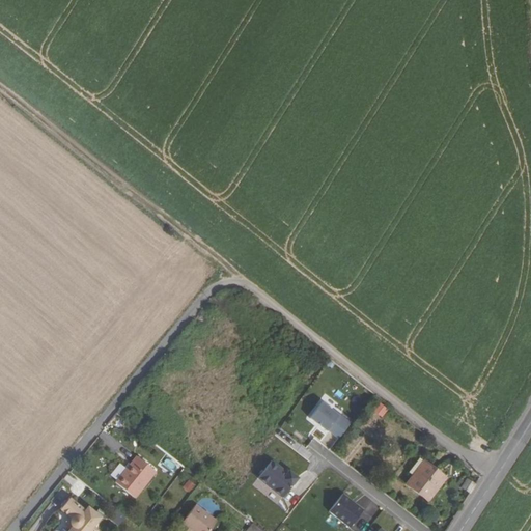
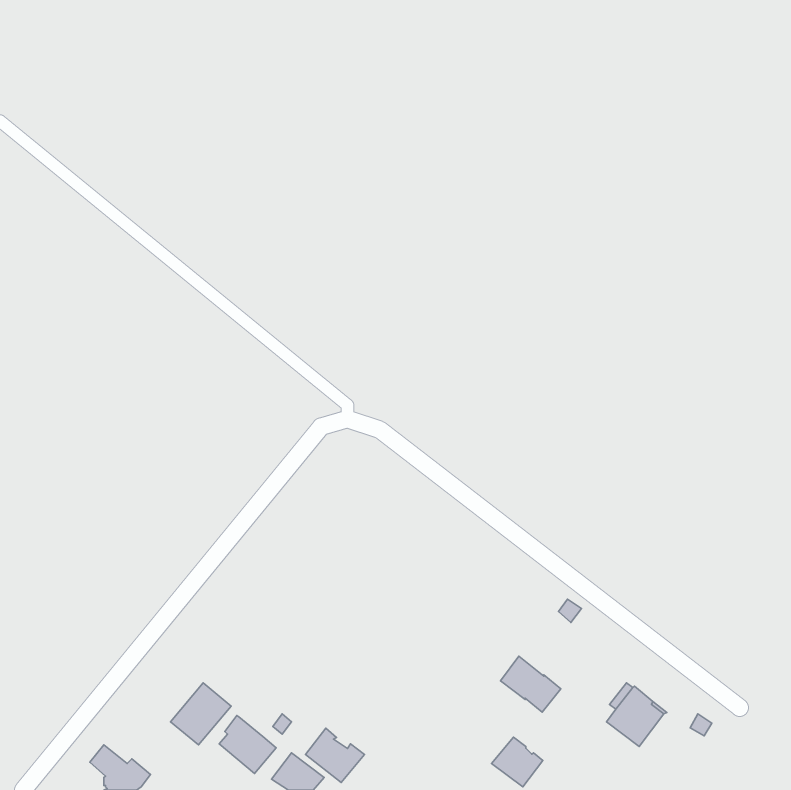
building: [311,400,352,438] -> [500,656,561,712]
building: [259,459,299,496] -> [306,728,365,783]
building: none -> [219,715,276,774]

